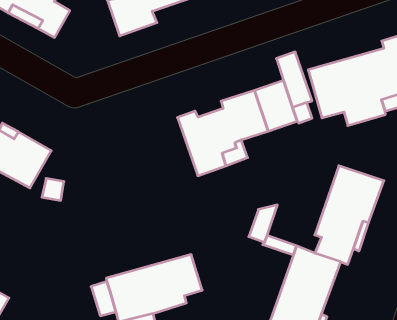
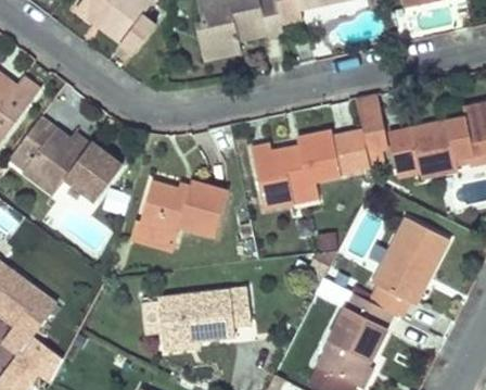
building: none -> [133,185,230,251]

